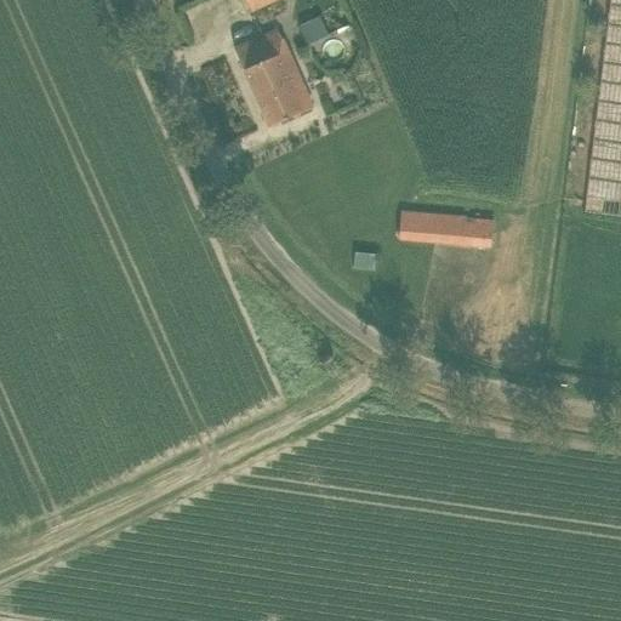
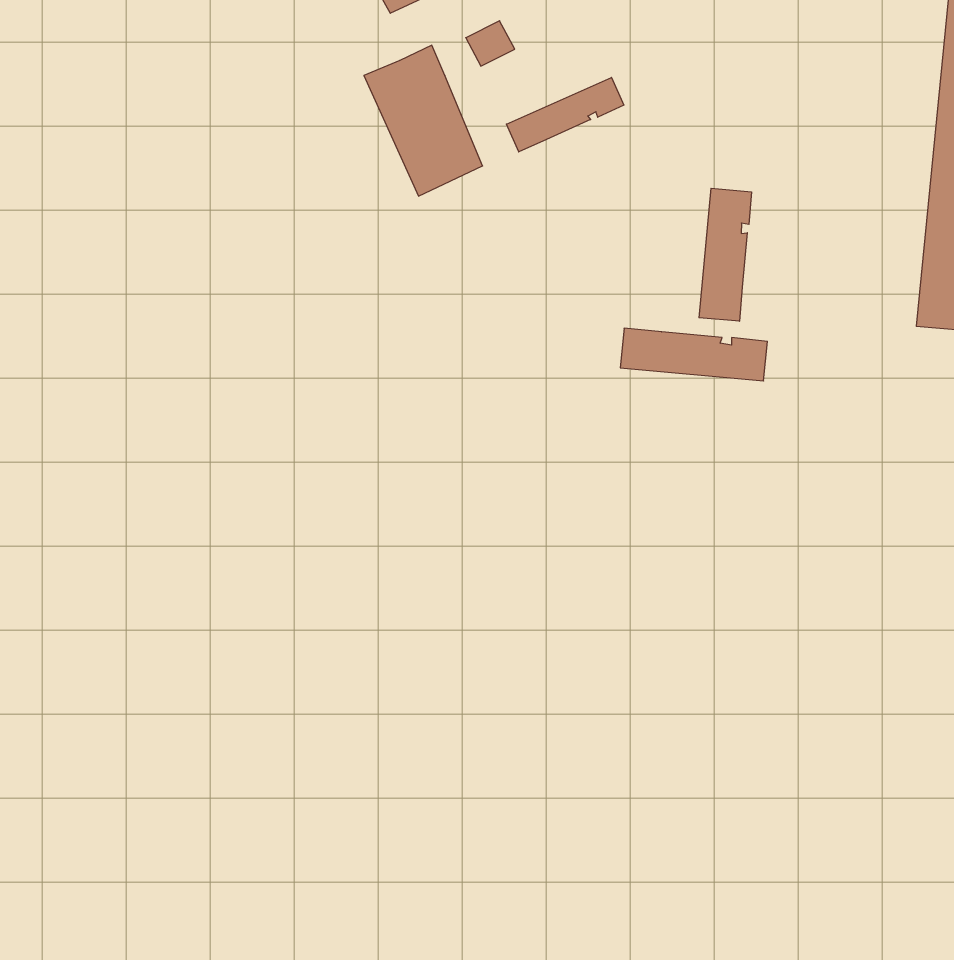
building: none -> [506,77,624,152]
building: none -> [699,188,751,321]

